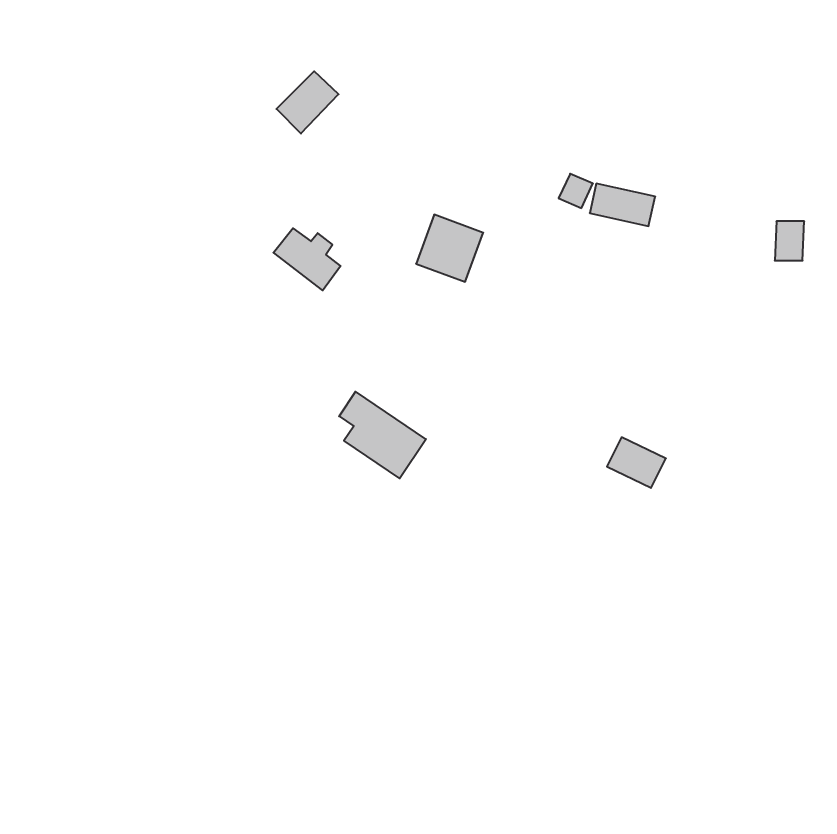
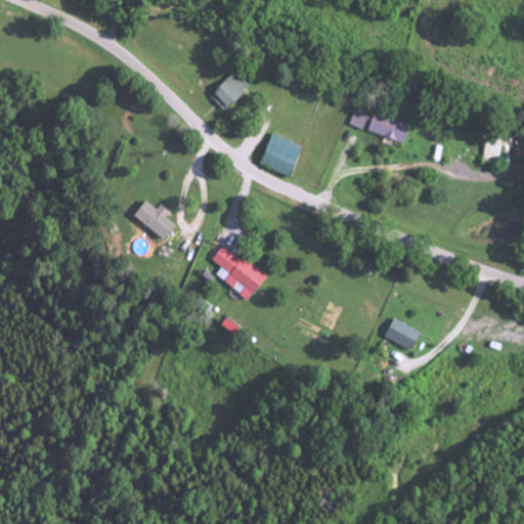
building: [276,71,339,134] -> [210,72,249,111]
building: [273,228,341,290] -> [133,201,175,239]
building: [607,437,666,488] -> [384,317,421,349]

